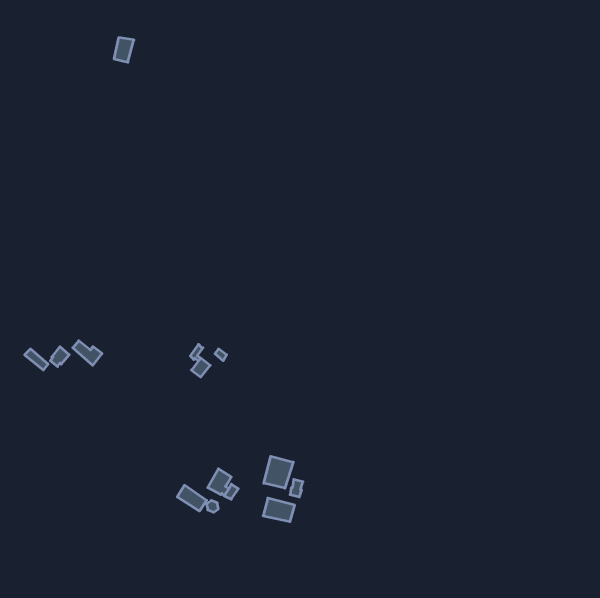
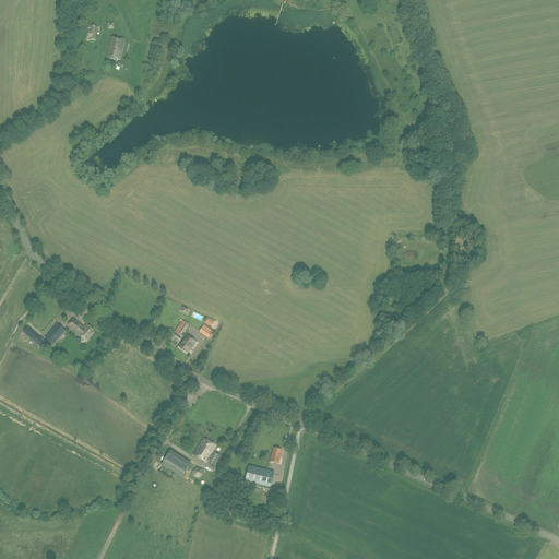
building: [264,456,293,488] -> none

